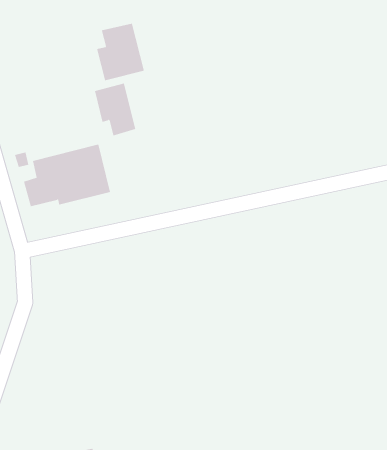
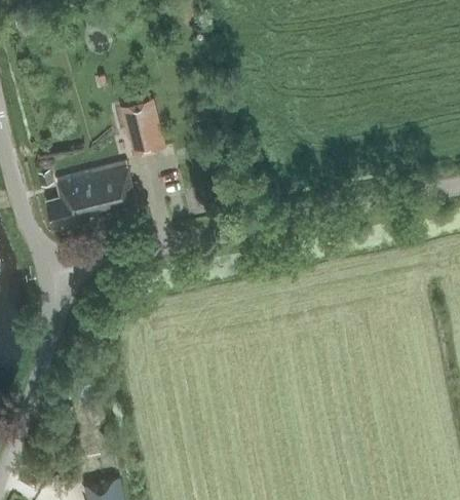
building: [96,23,145,81] -> none

